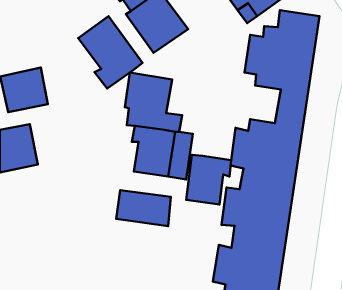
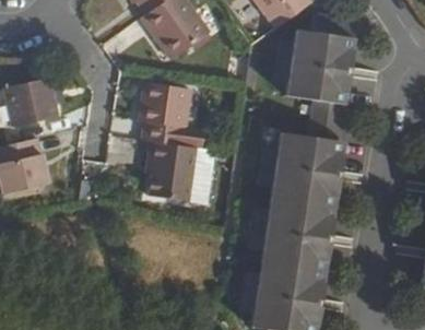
building: [78,16,143,89] -> none
building: [186,155,231,204] -> none
building: [116,190,171,226] -> none

